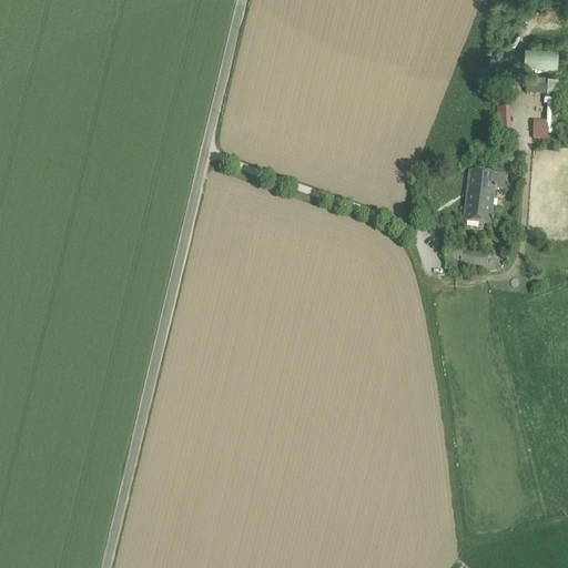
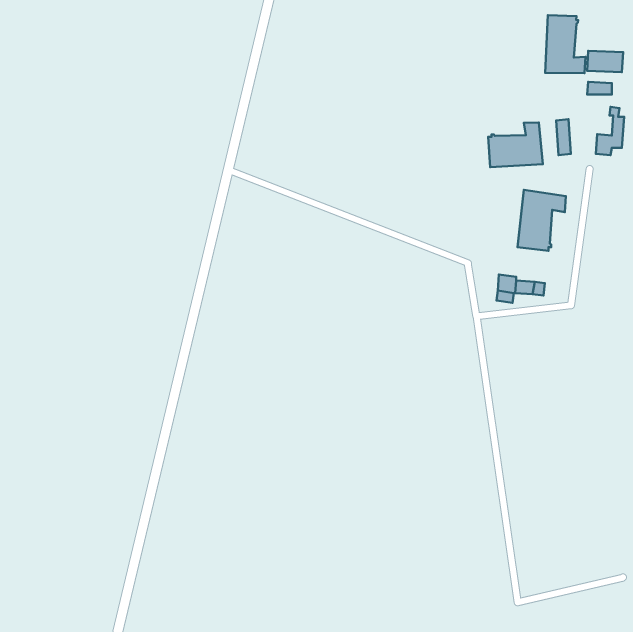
building: none -> [545,15,586,73]
building: none -> [488,123,543,167]

